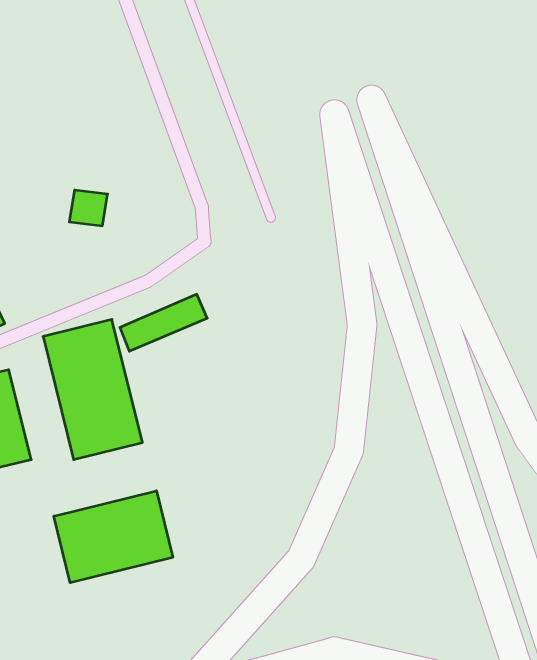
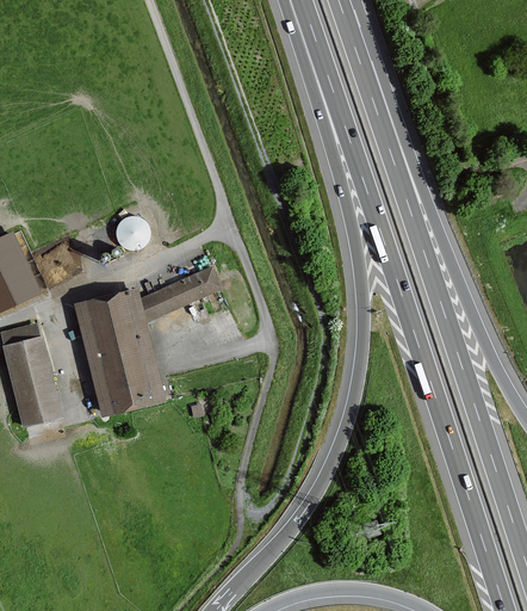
building: [69,190,108,226] -> [116,214,150,246]
building: [54,491,173,583] -> none

